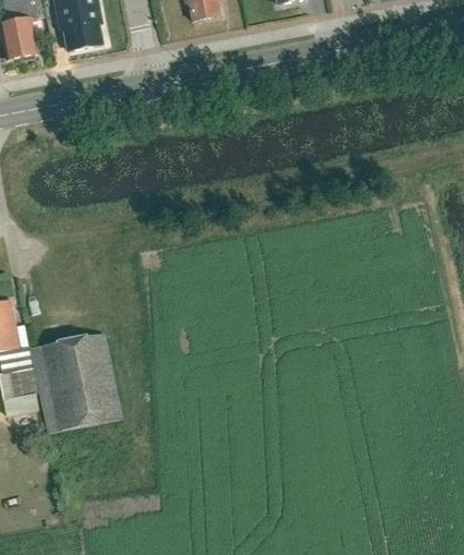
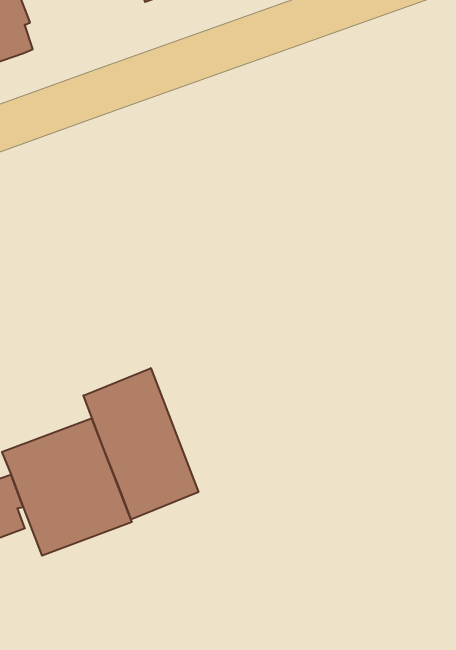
building: none -> [83,368,198,519]

